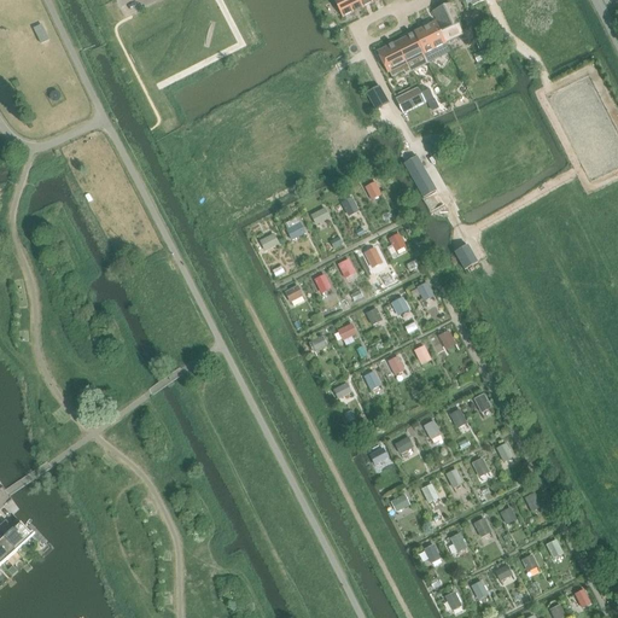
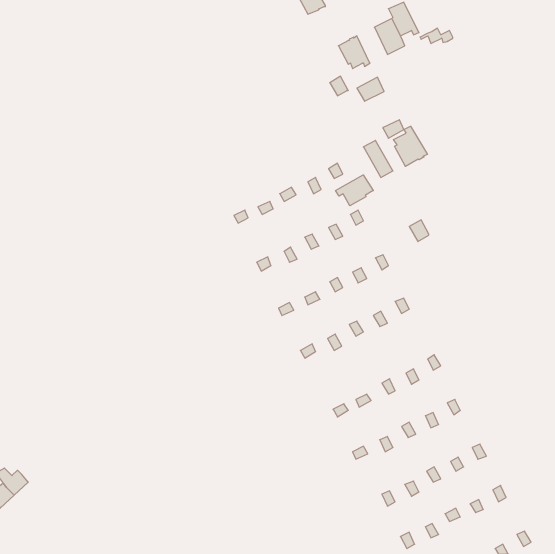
building: [396,30,430,70] -> none
building: none -> [393,126,427,166]
building: none -> [336,175,373,206]

